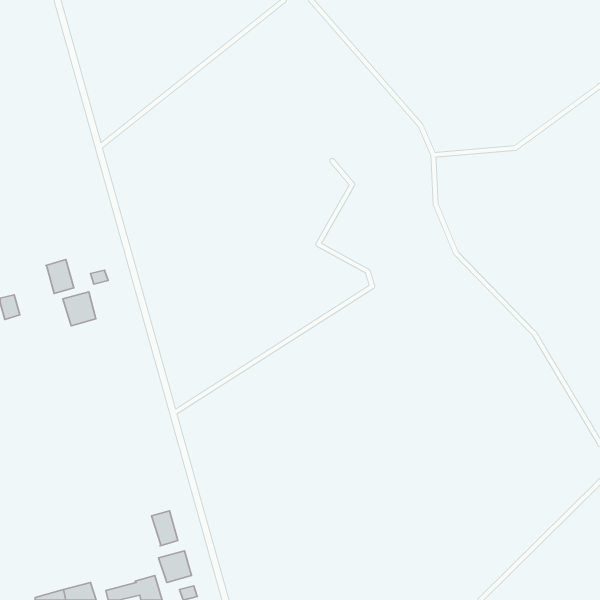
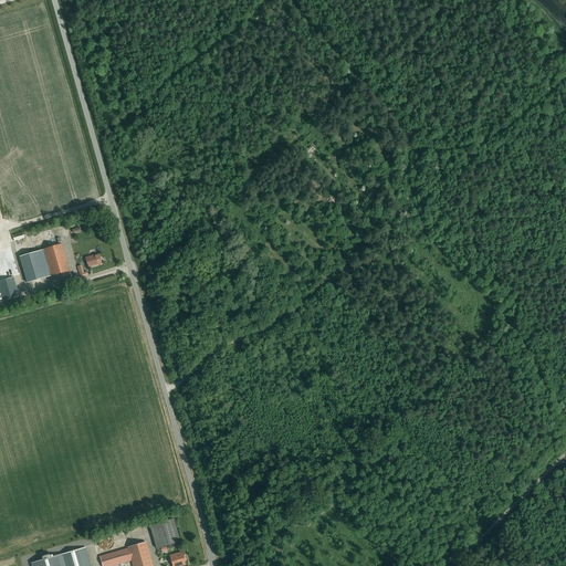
building: [63,292,96,326] -> [20,251,51,283]
building: [152,511,178,546] -> none

